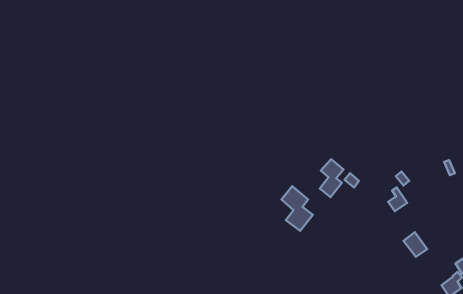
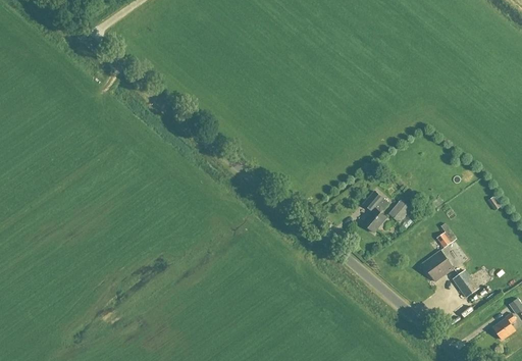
building: [281,186,313,231] -> none
building: none -> [422,250,454,281]

